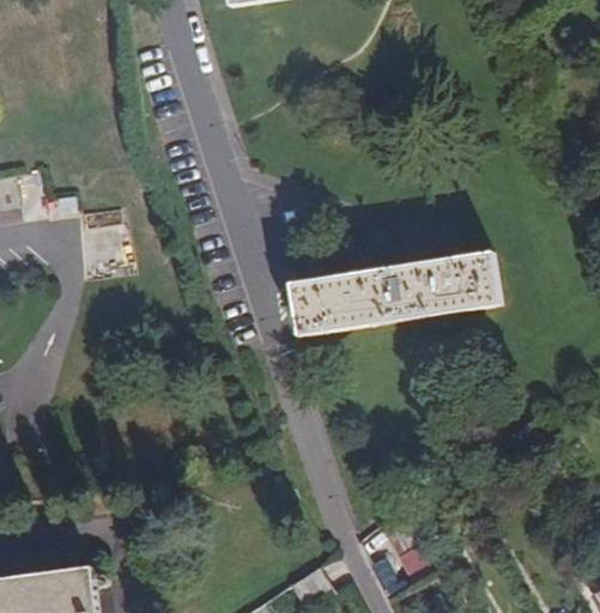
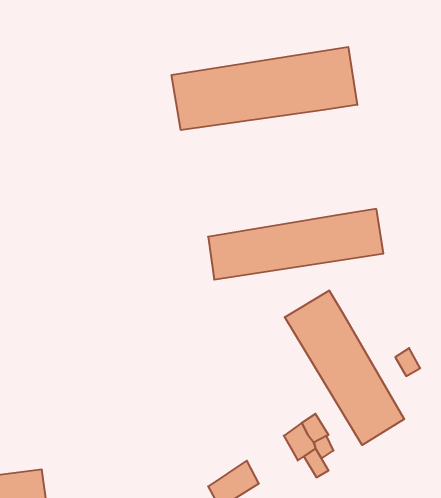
building: none -> [172,47,357,130]
building: none -> [285,290,404,445]

